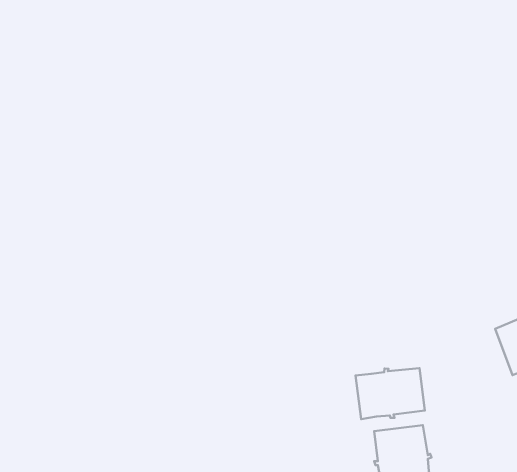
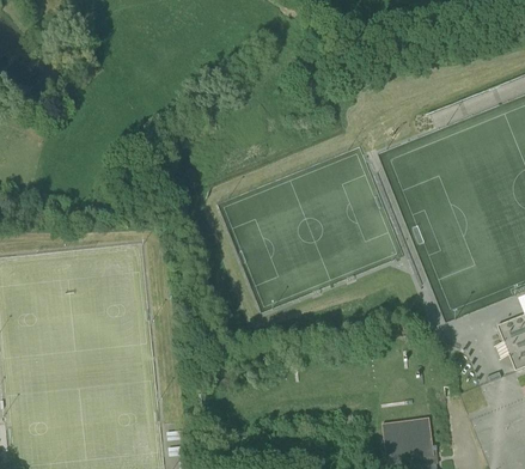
building: [355,368,425,419] -> none

